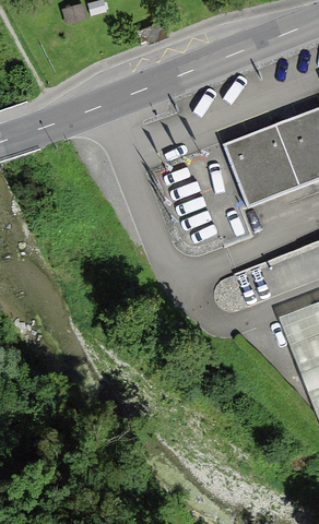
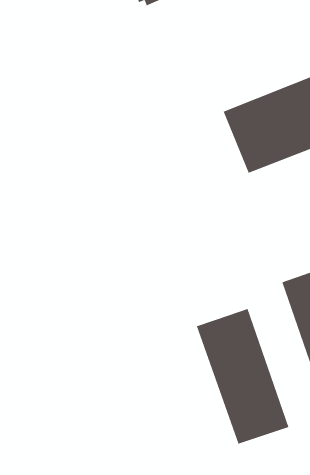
building: none -> [196,308,289,444]

